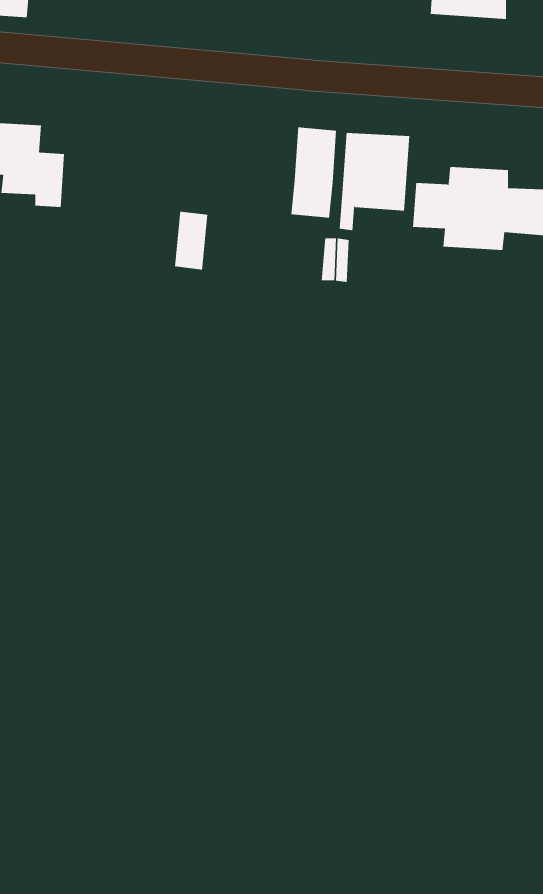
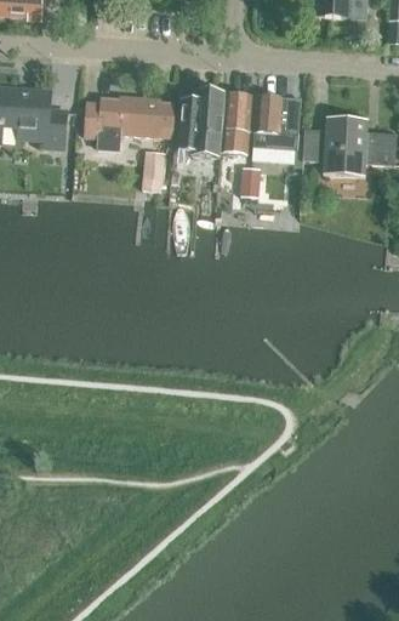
building: none -> [173,90,223,156]
building: none -> [84,97,172,148]

